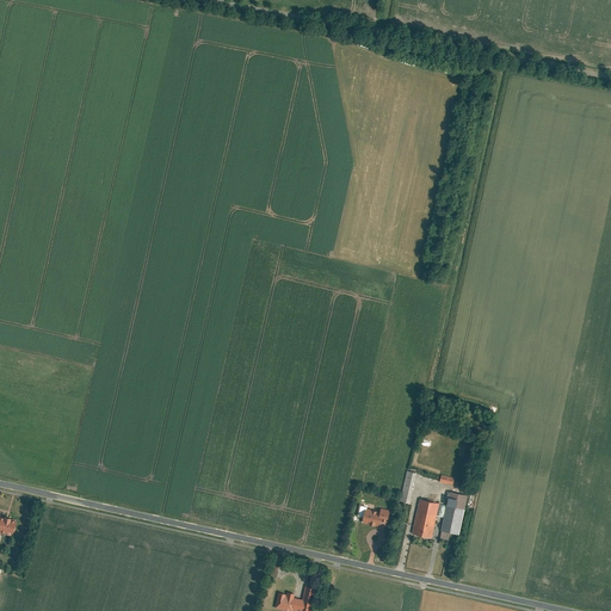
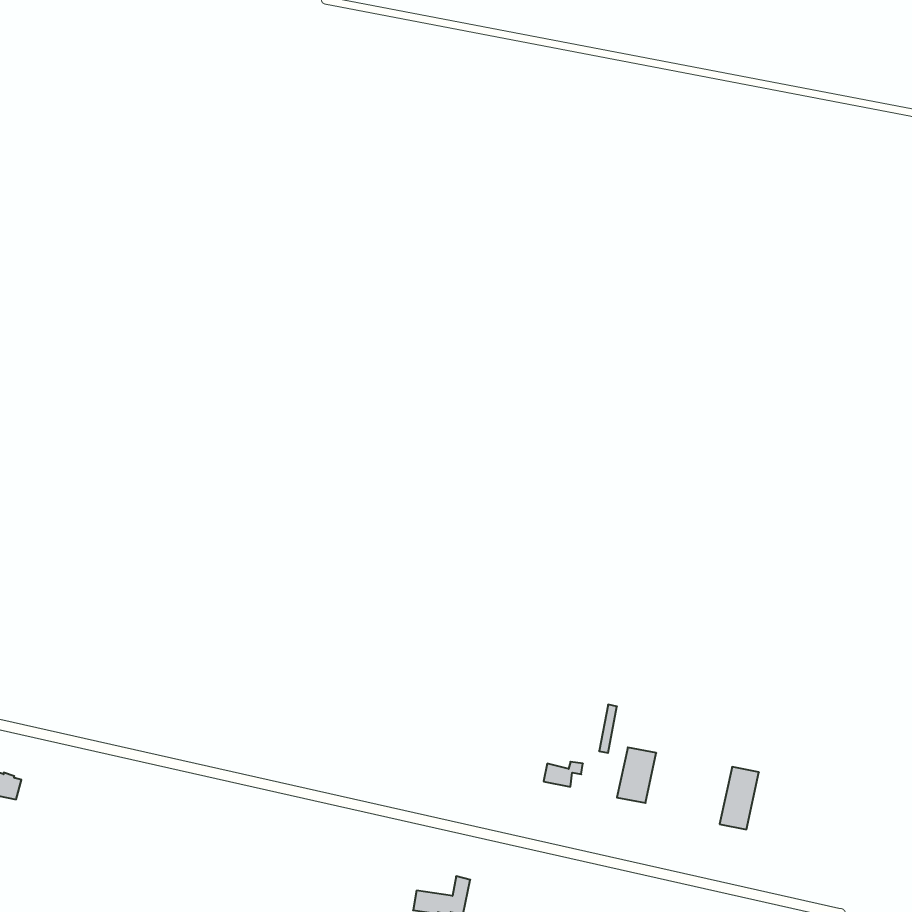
building: [440,493,467,535] -> [720,767,759,829]

